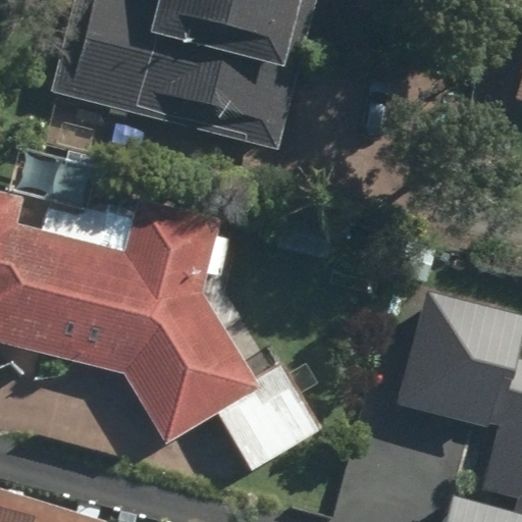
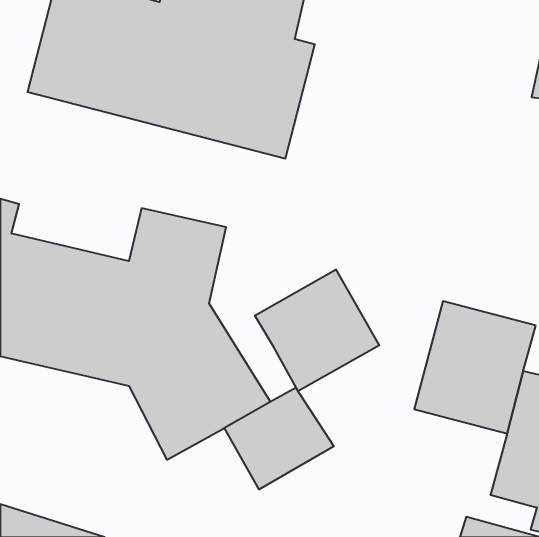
building: none -> [255,269,379,391]

